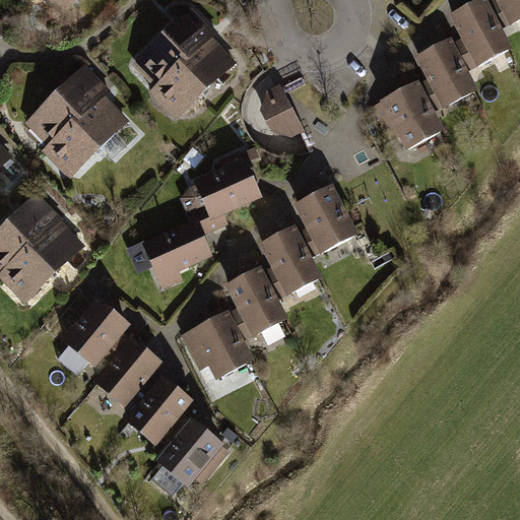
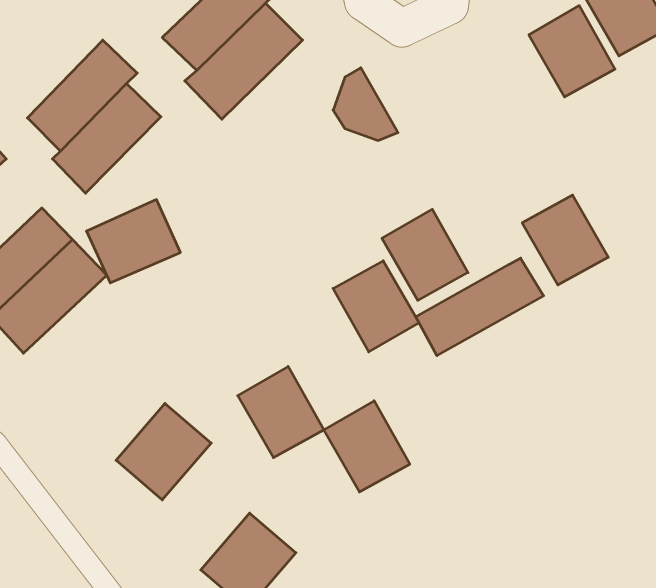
building: [373,76,439,145] -> [522,195,608,285]
building: [189,152,256,215] -> none
building: [142,216,214,280] -> [86,200,180,283]
building: none -> [416,258,544,356]
building: [224,275,290,345] -> [324,401,410,492]
building: [61,299,134,373] -> none
building: [122,382,195,456] -> none

